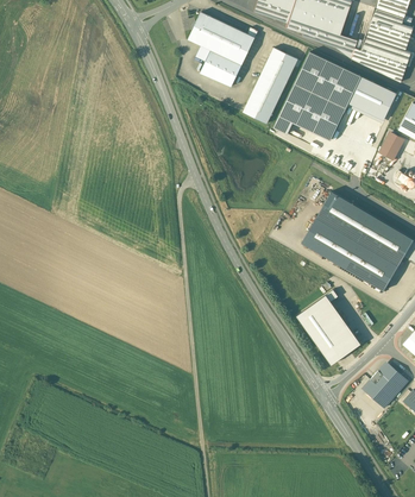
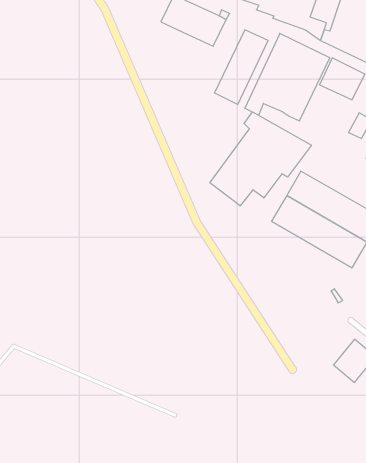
building: [200,50,241,86] -> none
building: none -> [210,112,311,206]
building: [296,289,361,365] -> none

